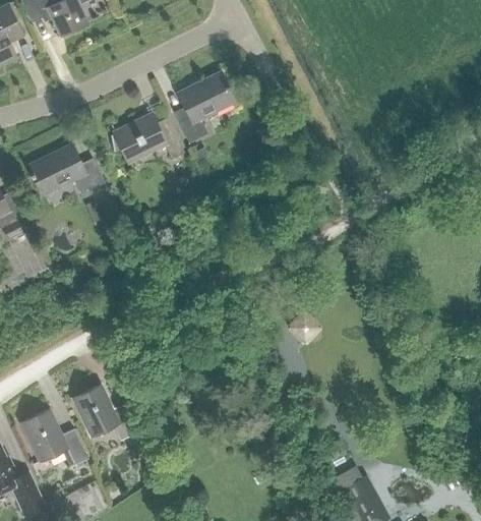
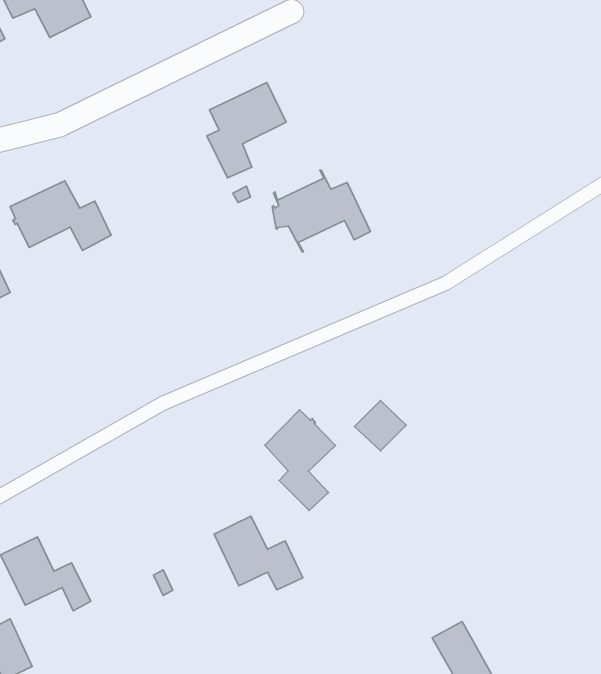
building: [110,108,183,169] -> [272,170,370,252]
building: none -> [265,410,336,510]
building: [71,385,137,440] -> [214,516,303,590]

